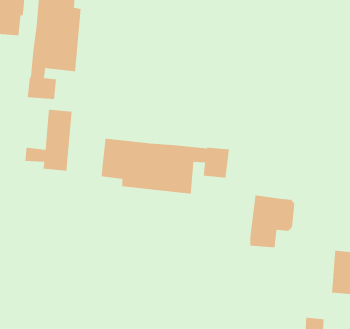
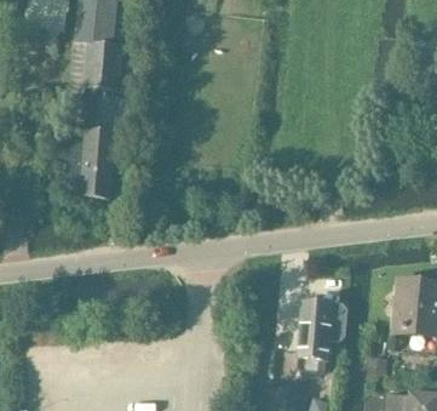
building: [101,138,230,195] -> none
building: [249,195,295,248] -> [298,302,347,360]

